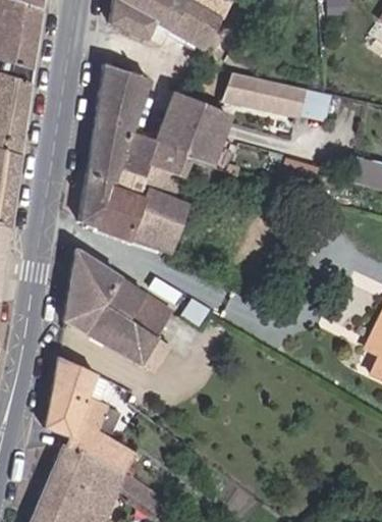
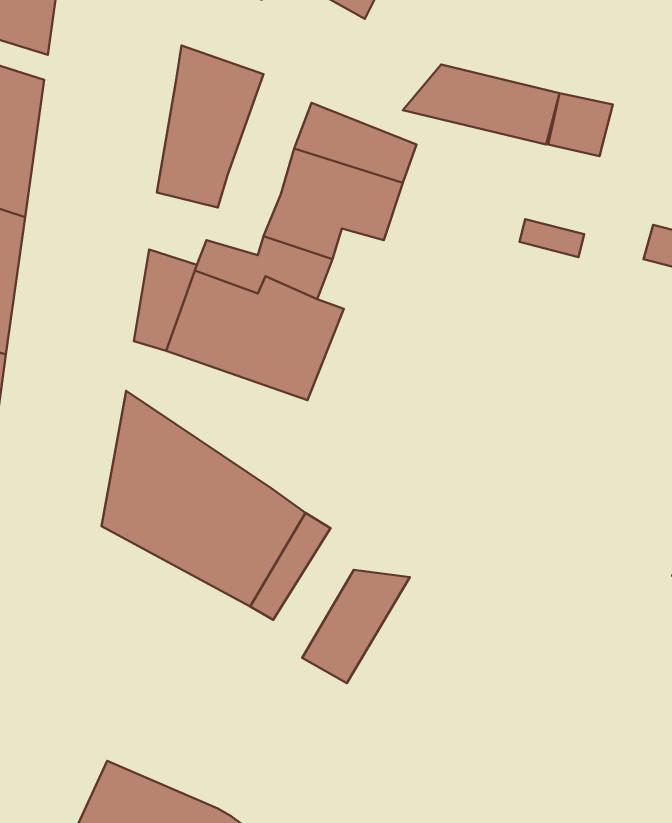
building: [87,133,157,180] -> none
building: none -> [302,570,410,683]
building: [43,355,134,471] -> none

